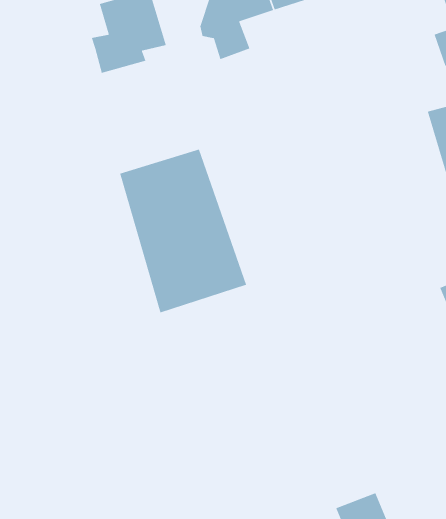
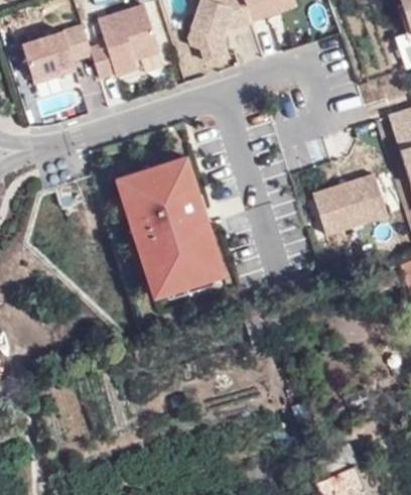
building: none -> [20,23,93,85]
building: none -> [314,172,388,236]

